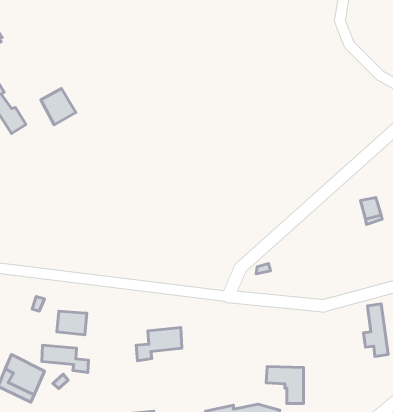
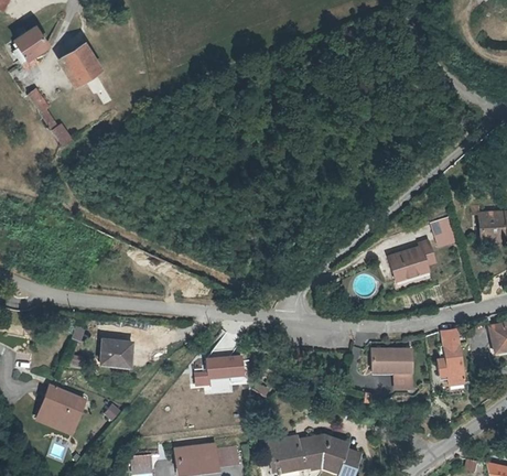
building: [41,89,76,125] -> [62,45,99,84]
building: none -> [388,240,433,277]
building: [42,345,88,372] -> none
building: [266,366,303,404] -> [370,348,410,388]

